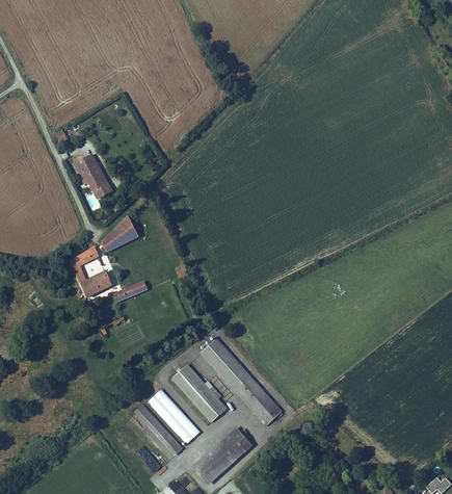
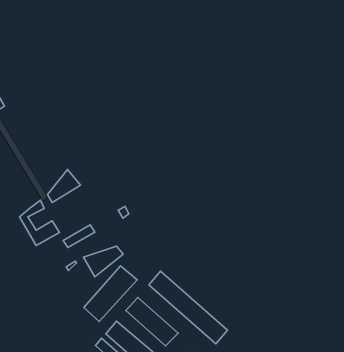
building: [75,154,112,198] -> none
building: none -> [84,246,123,277]
building: none -> [84,266,137,322]

